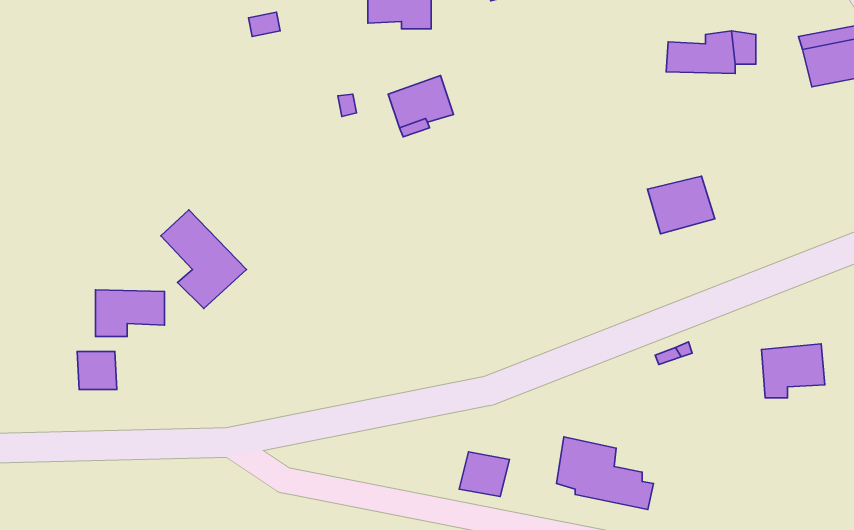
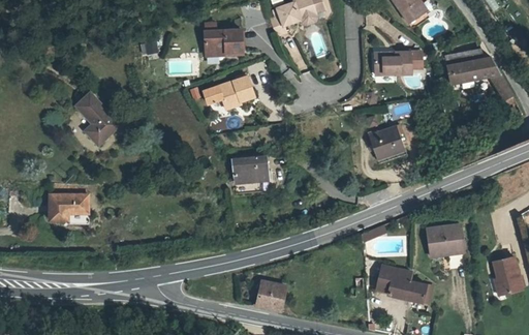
building: [161,210,247,309] -> [75,89,123,144]
building: none -> [230,155,264,179]
building: [77,351,117,389] -> none
building: [556,437,653,510] -> [377,264,431,304]

